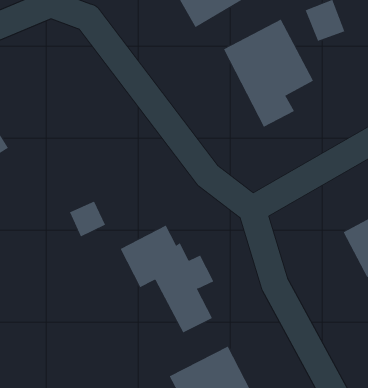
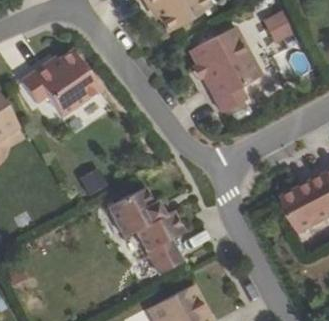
building: none -> [21,49,100,115]

